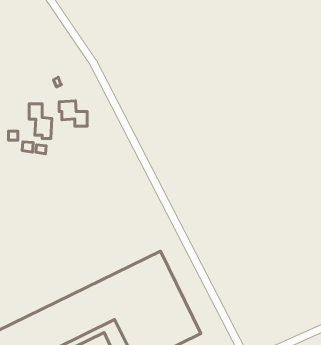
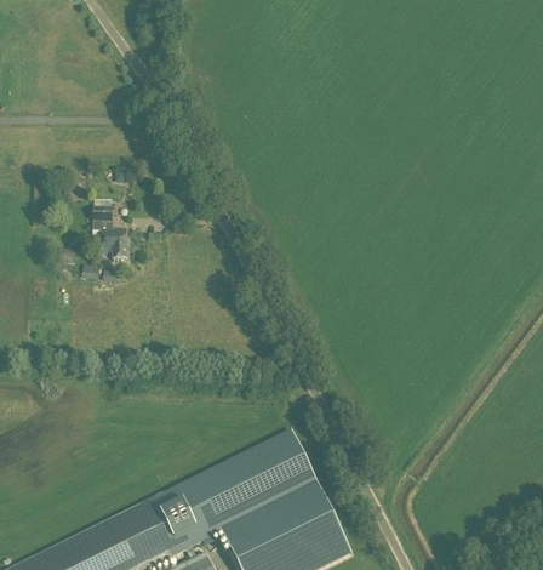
building: [59,101,87,126] -> none

